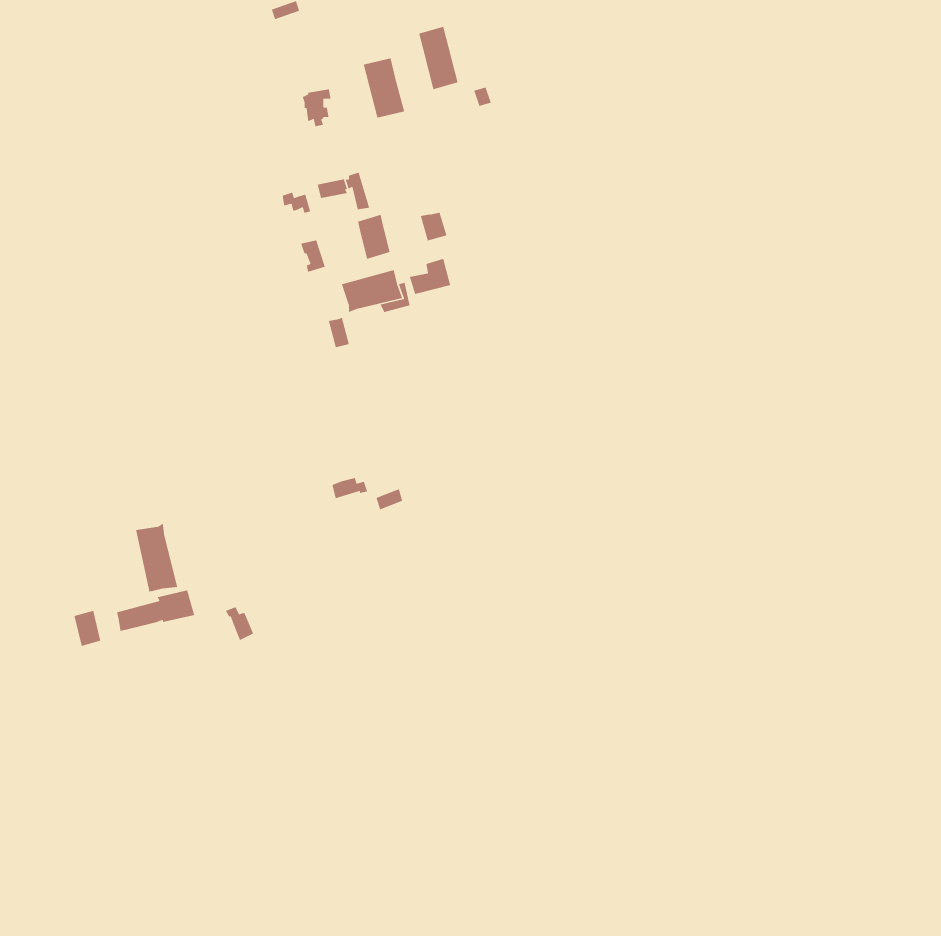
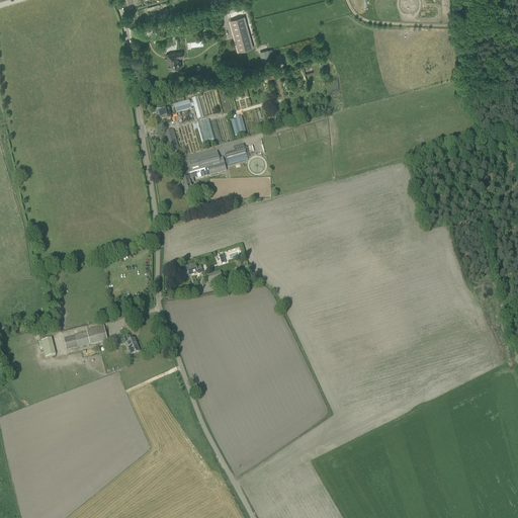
building: [363,58,405,118] -> none
building: [135,523,178,593] -> none

